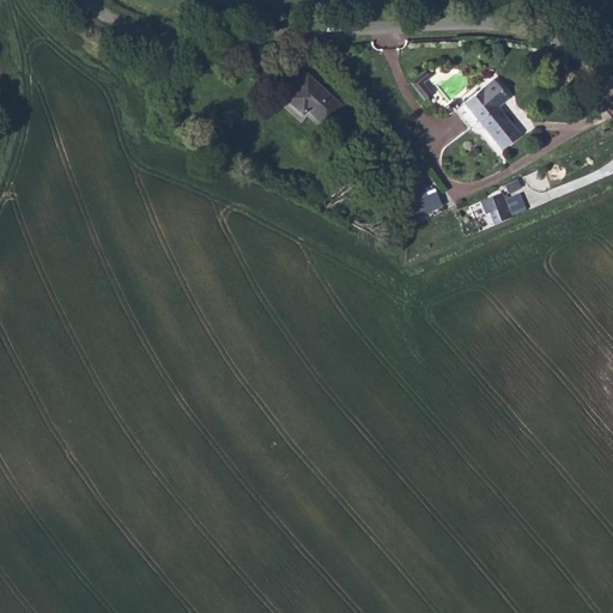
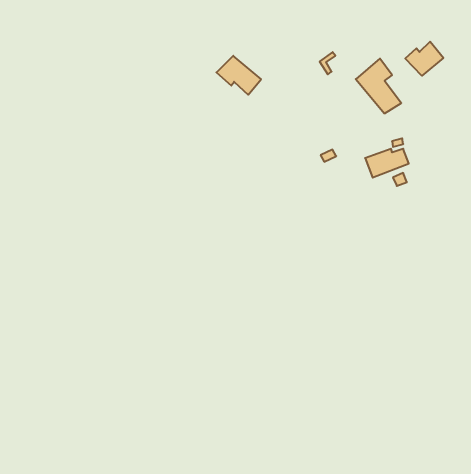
building: none -> [405,42,443,76]

